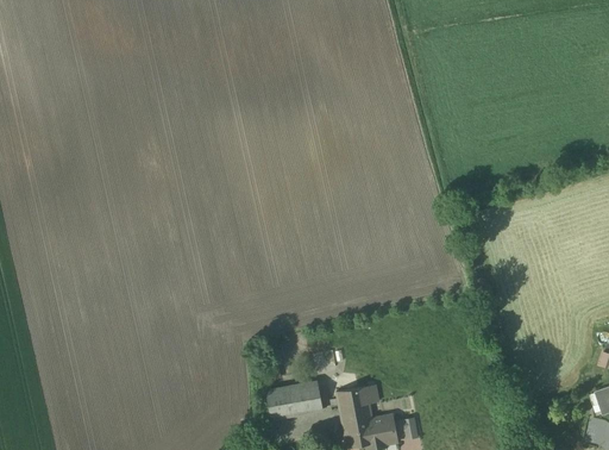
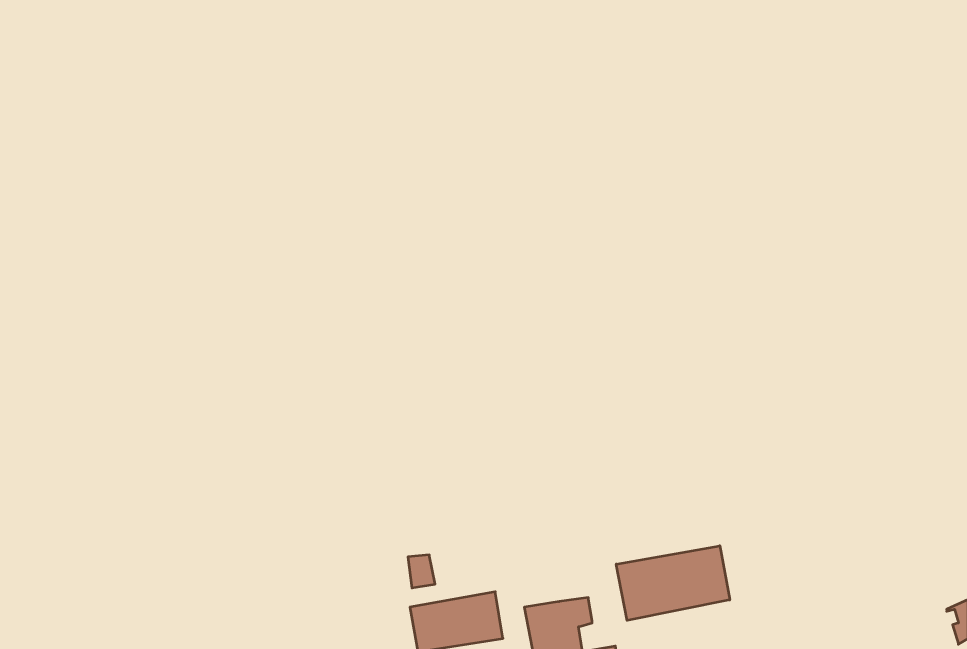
building: none -> [616,546,730,620]

